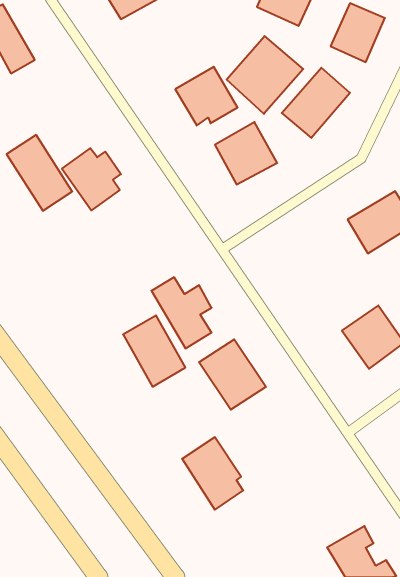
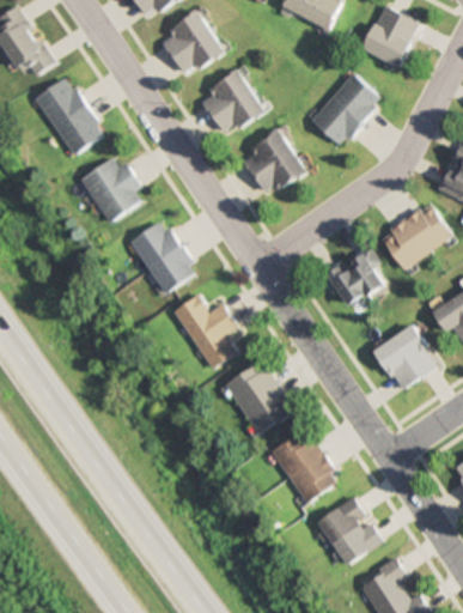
building: none -> [156,8,224,77]
building: [227,36,303,114] -> none
building: [7,135,72,211] -> [32,75,102,156]
building: none -> [330,249,388,306]
building: [123,315,185,387] -> [129,218,195,293]
building: [182,437,243,510] -> [270,426,335,503]
building: none -> [316,496,383,565]

